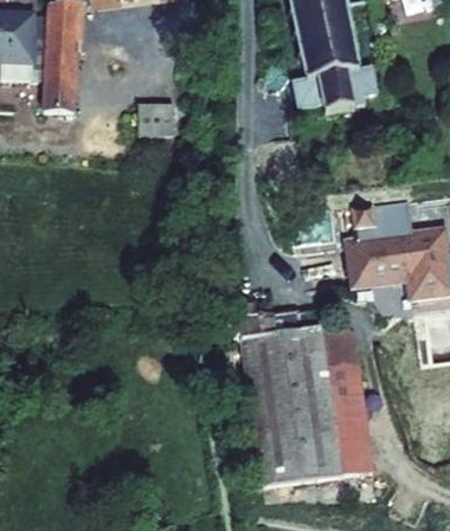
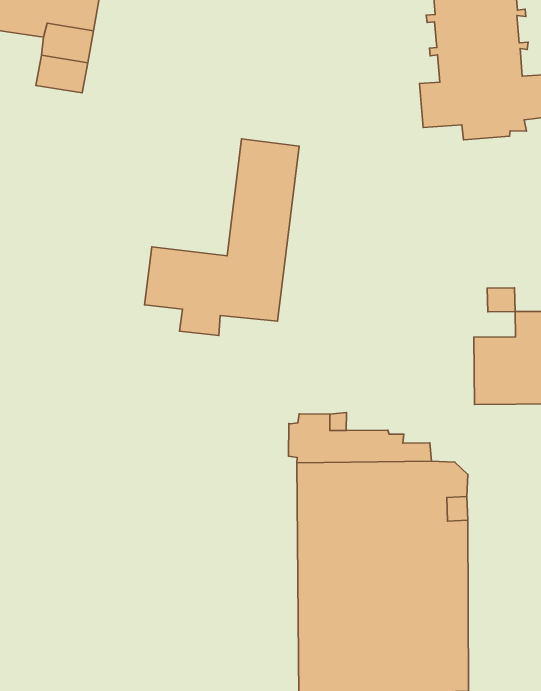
building: [140,102,172,136] -> none
building: none -> [145,139,299,336]

